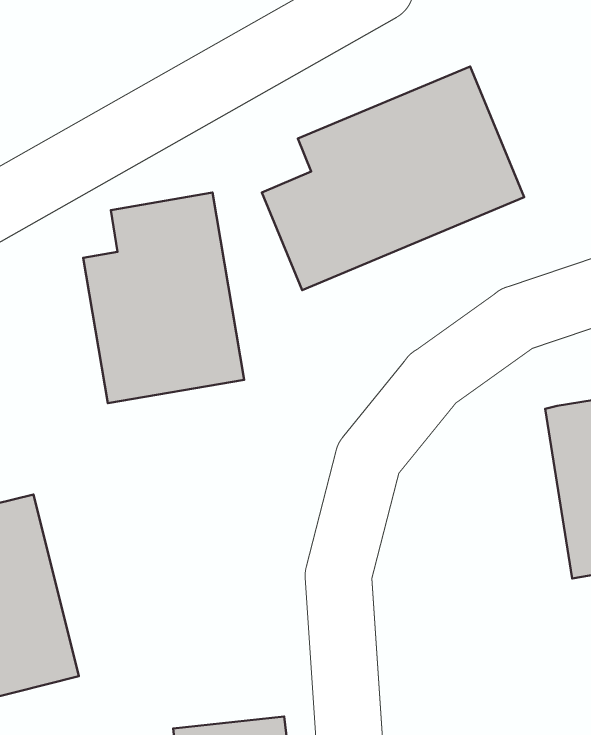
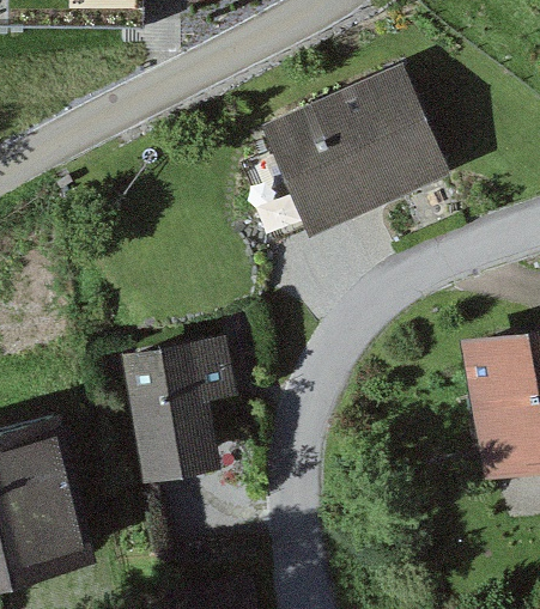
building: [83,193,244,403] -> none
building: none -> [123,345,232,480]

